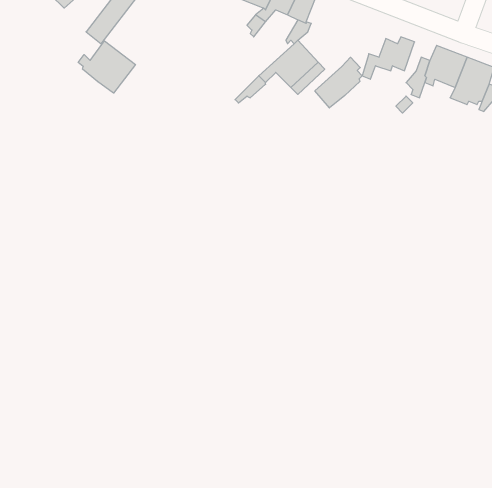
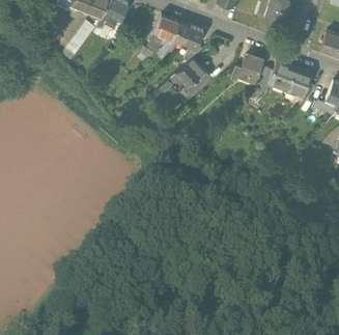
building: [78,41,135,93] -> none
building: [315,57,362,108] -> none

